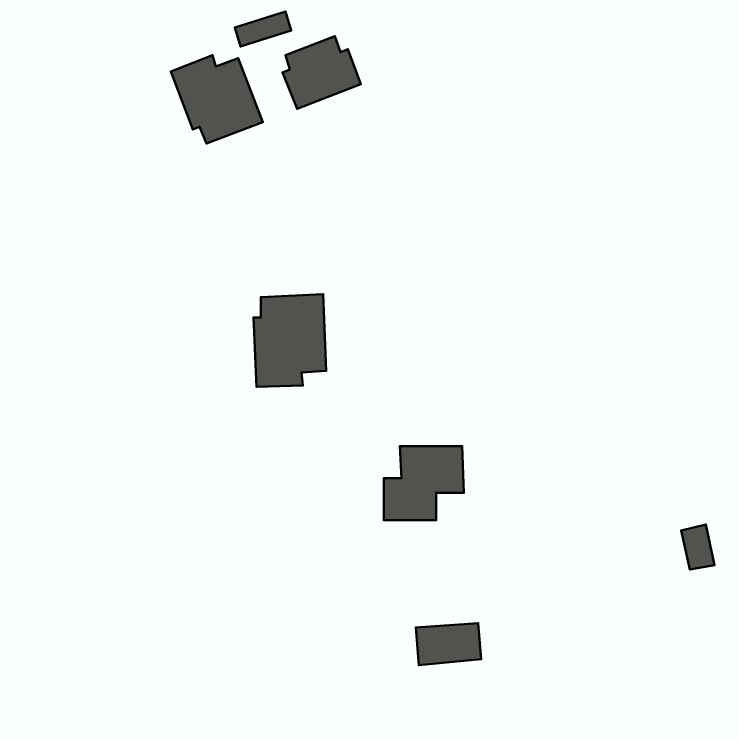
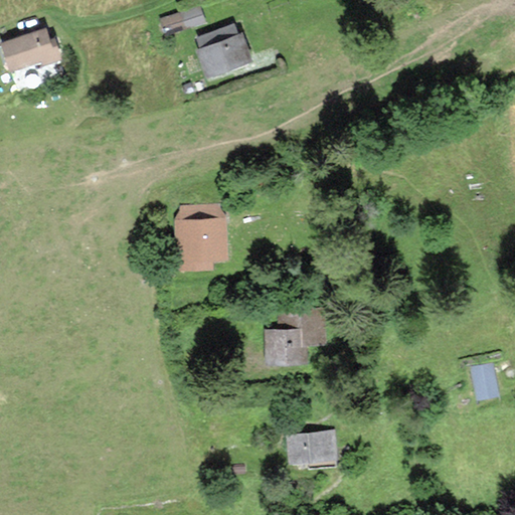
building: none -> [4,30,59,69]
building: [171,55,263,143] -> none

